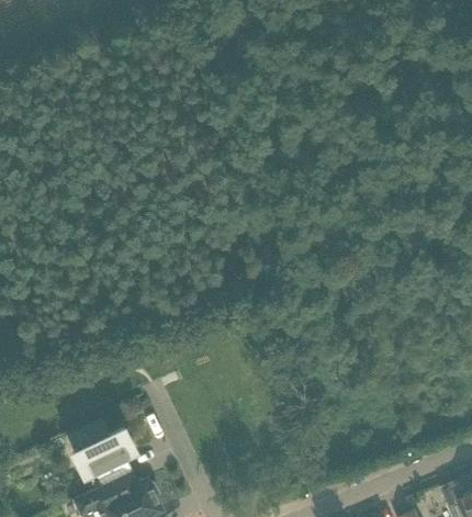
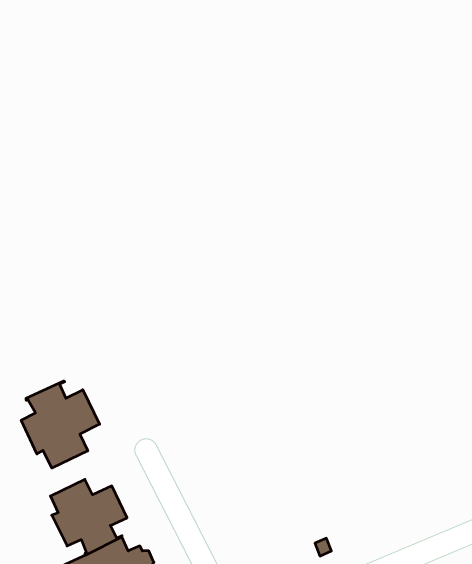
building: none -> [21,381,100,468]

